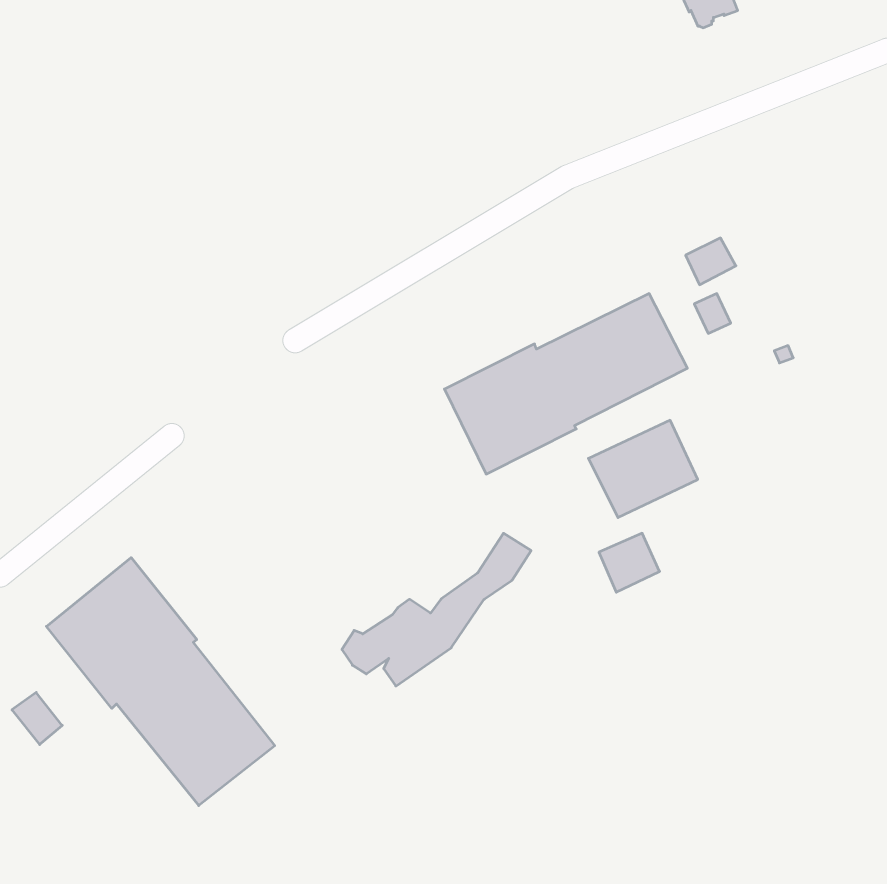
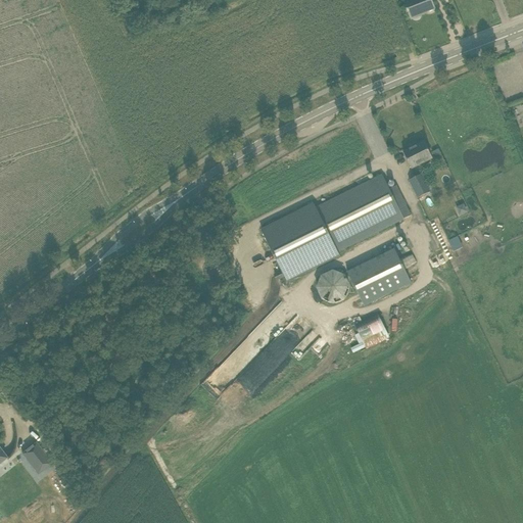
building: none -> [312,267,349,303]
building: [46,558,275,806] -> none
building: [12,692,62,745] -> [21,441,51,472]

